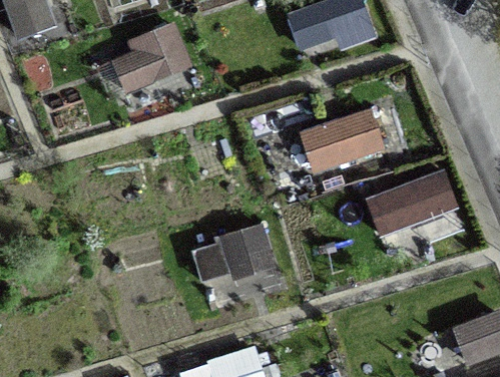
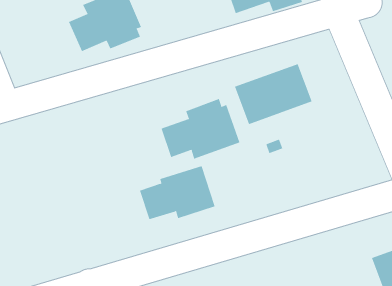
building: none -> [161,98,240,160]
building: [364,168,457,238] -> none

